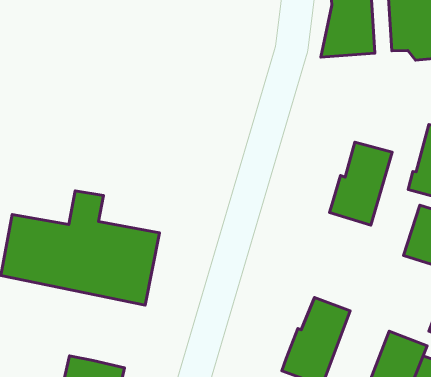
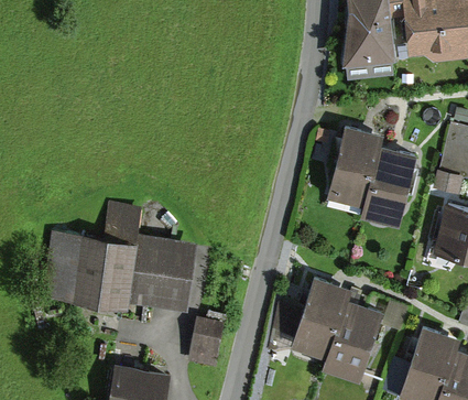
building: none -> [326,126,382,207]
building: none -> [290,278,350,359]
building: none -> [187,318,221,366]

